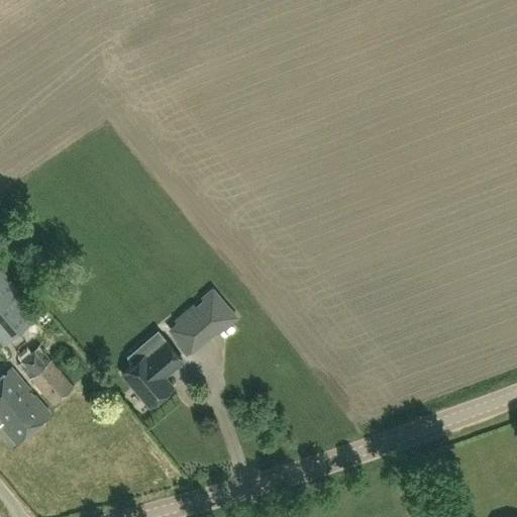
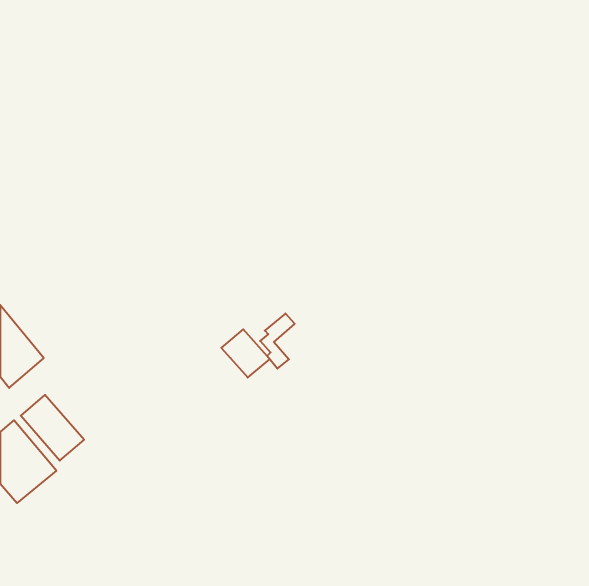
building: [172,307,202,355] -> [260,313,295,369]
building: [122,332,183,409] -> none

